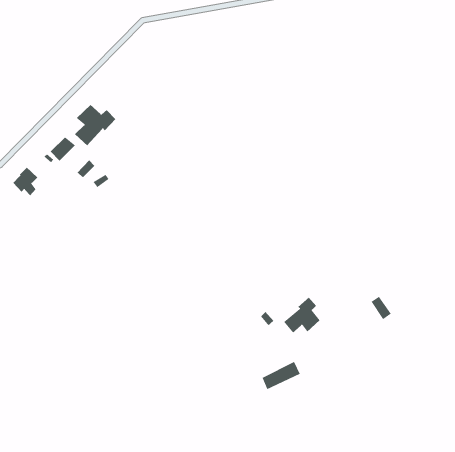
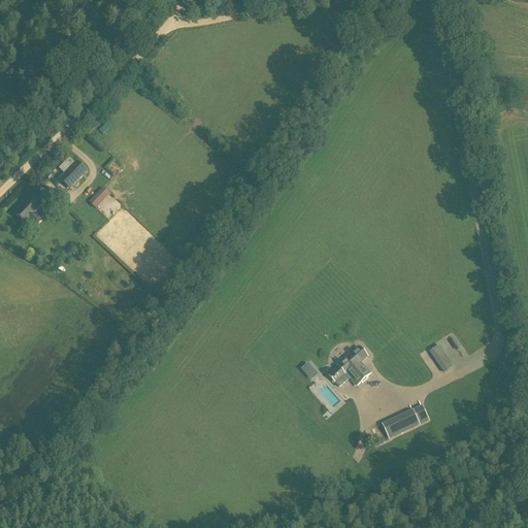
building: [74,104,116,146] -> none
building: [262,361,301,390] -> [383,402,428,436]

